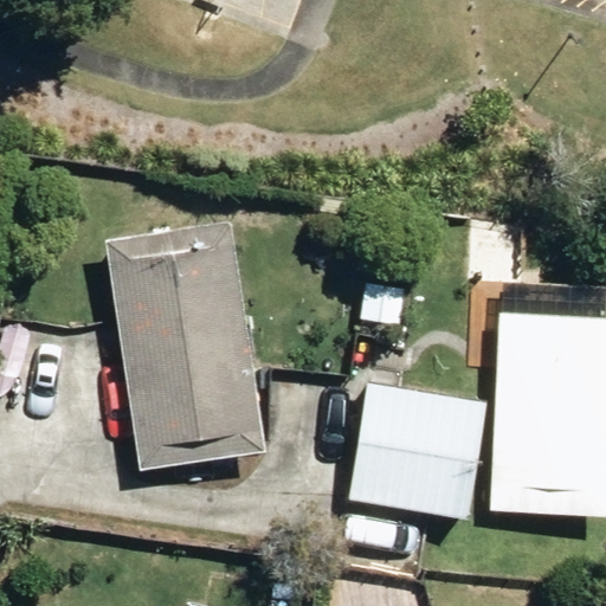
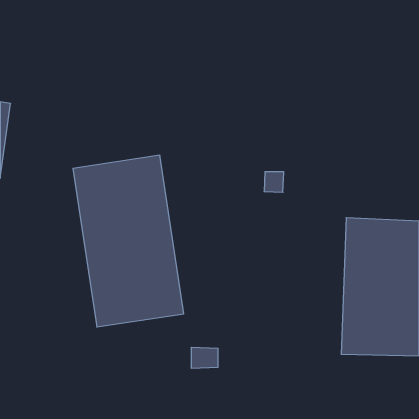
building: [350,383,484,512] -> none

